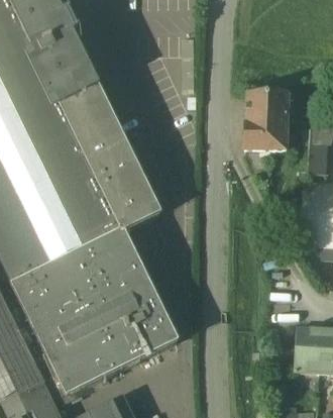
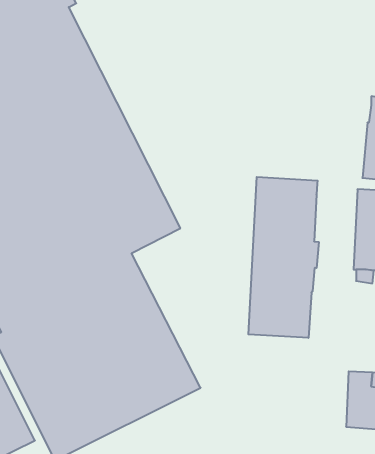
building: [247,92,296,149] -> none
building: none -> [248,177,319,338]

